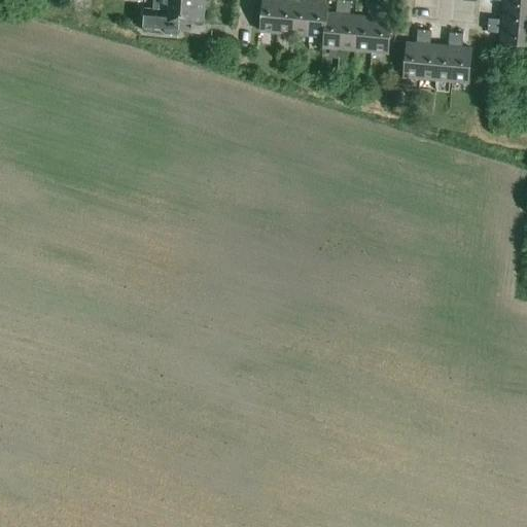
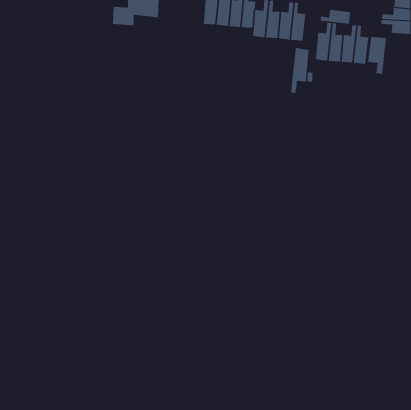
building: none -> [320,9,351,24]
building: none -> [367,36,387,75]
building: none -> [291,47,309,94]

